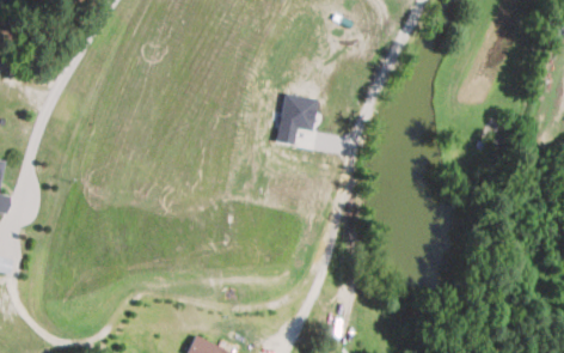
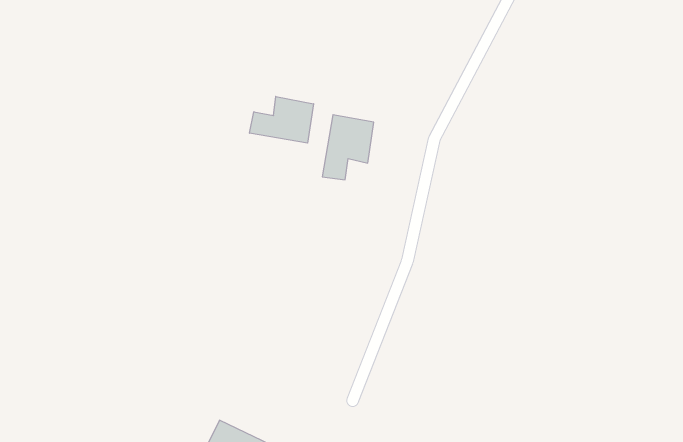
building: none -> [250,96,314,143]

